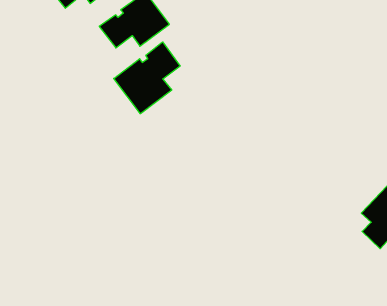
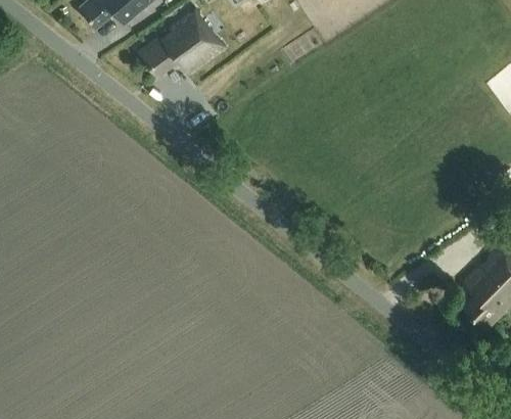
building: [114,42,180,114] -> none

